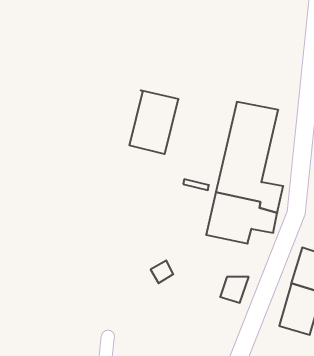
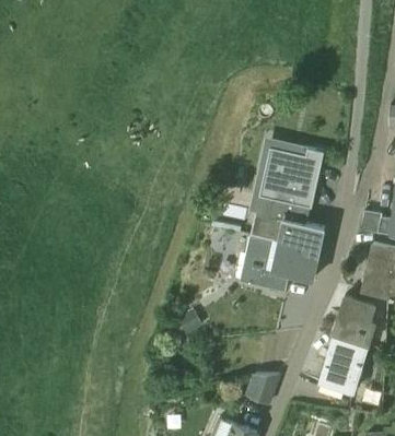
building: [129,90,178,154] -> none
building: [220,277,249,303] -> [246,375,278,403]

